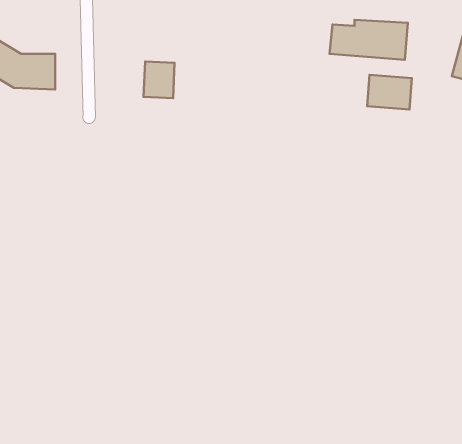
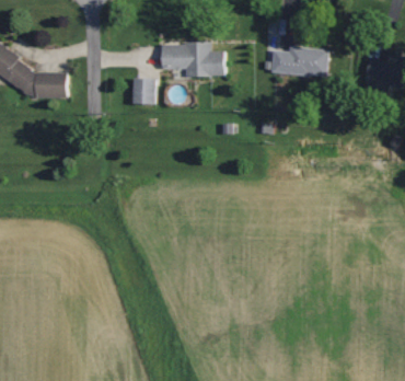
building: none -> [162,42,223,76]
building: [367,75,412,110] -> none

